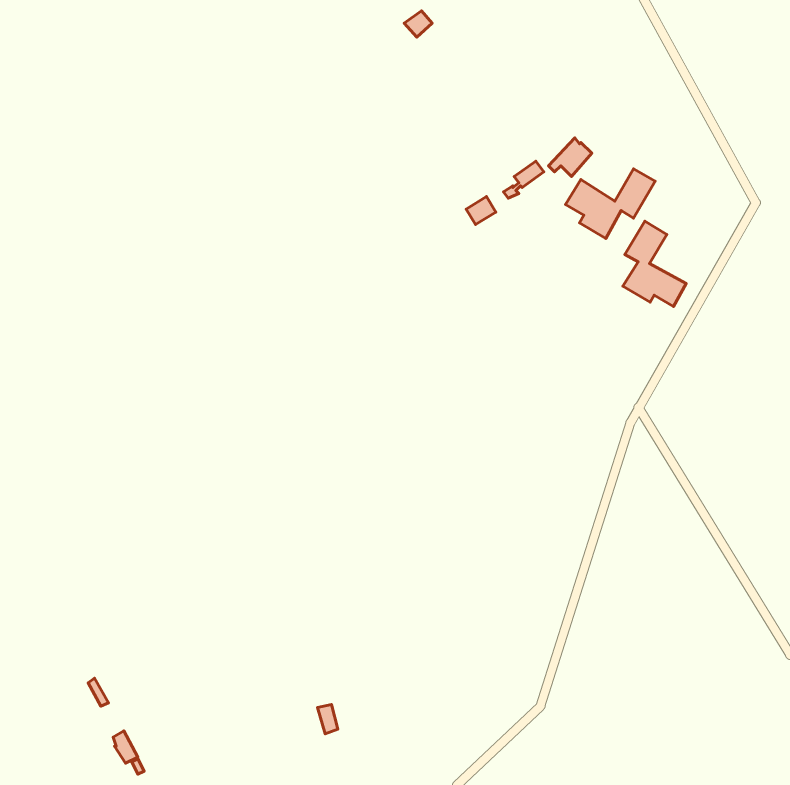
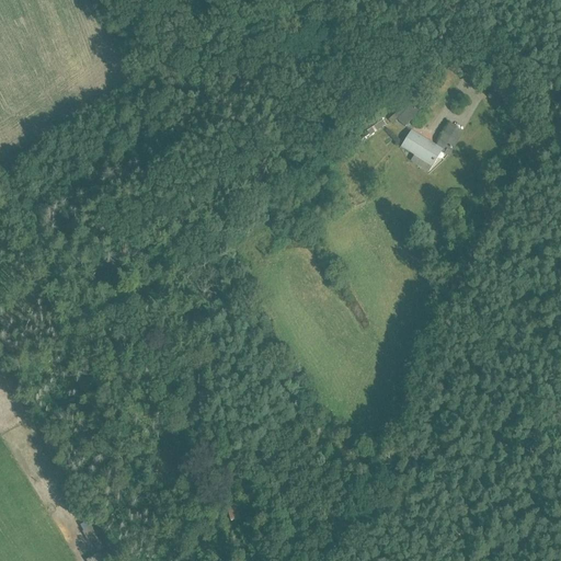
building: [623,221,686,307] -> none

